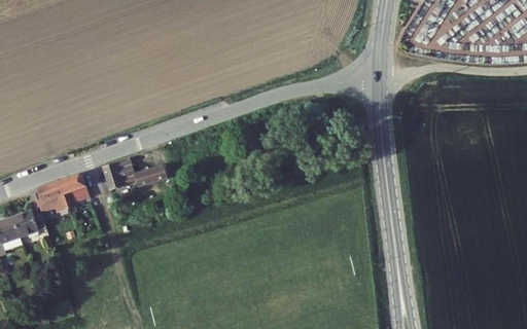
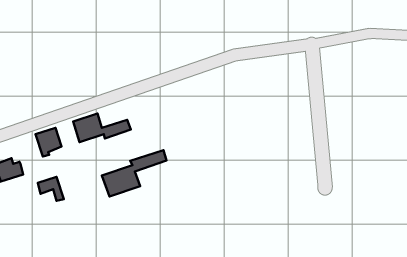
building: [35,182,65,210] -> [38,177,64,201]
building: none -> [102,150,167,196]

